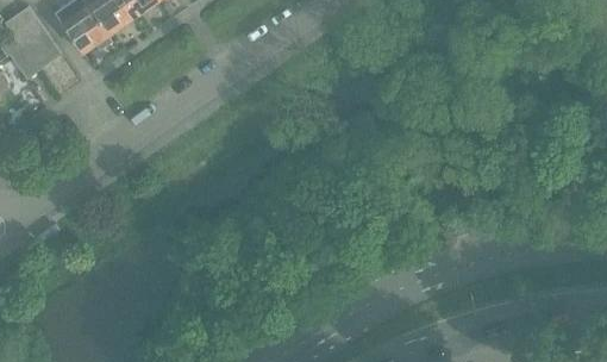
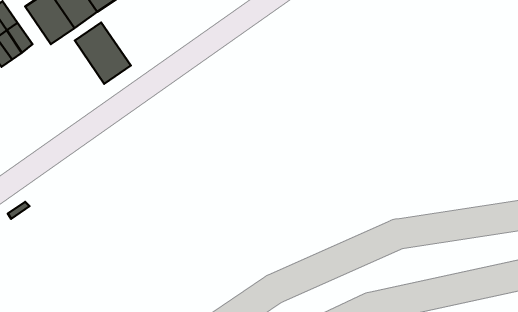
building: none -> [75,22,131,84]

